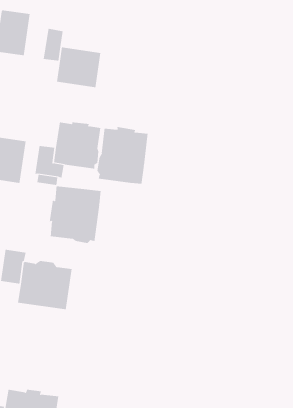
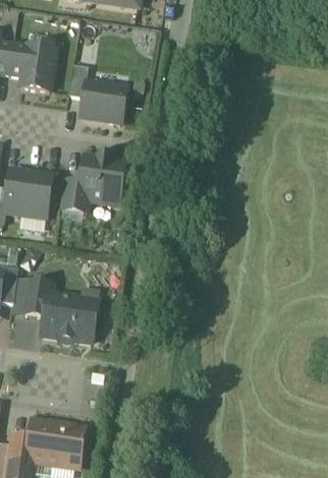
building: [97,126,148,184] -> none
building: [49,185,101,244] -> none

